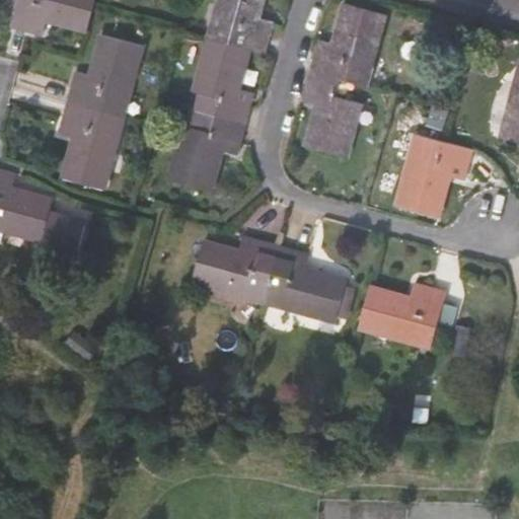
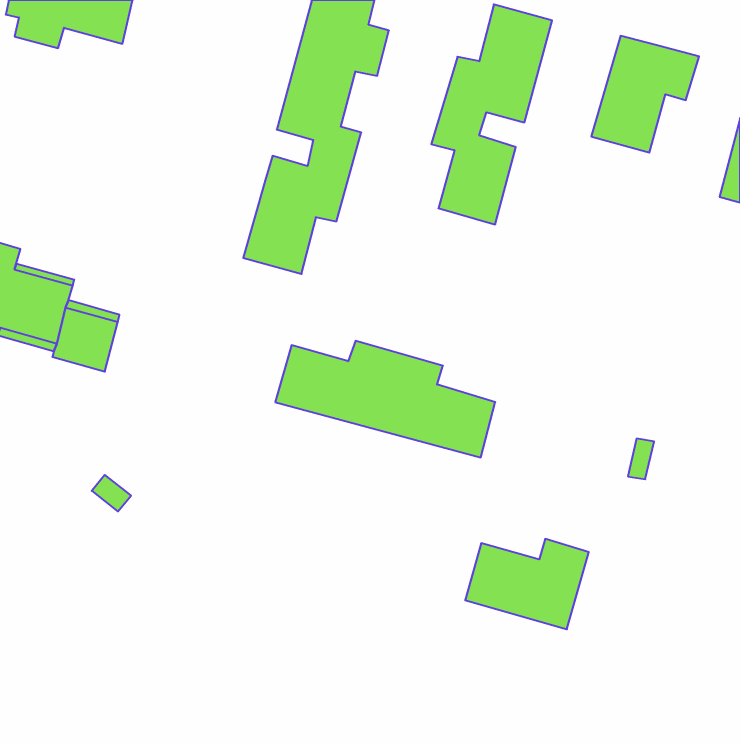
building: [58,35,142,190] -> none
building: [396,136,471,217] -> [591,36,699,153]
building: [358,284,444,347] -> [465,539,589,629]

